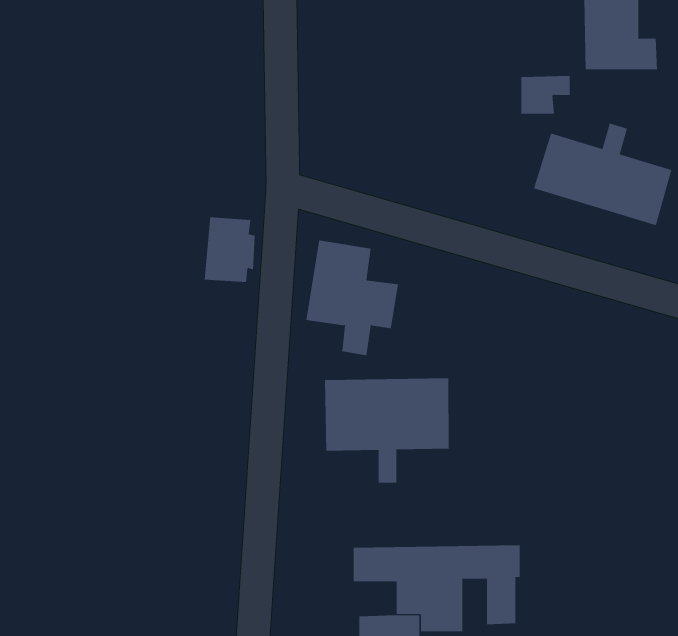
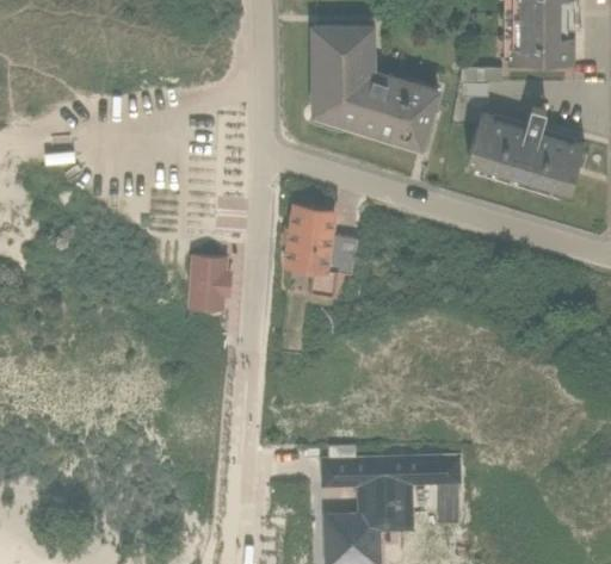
building: none -> [311,23,443,151]
building: [204,217,255,283] -> [187,258,230,312]
building: [324,378,449,484] -> none

